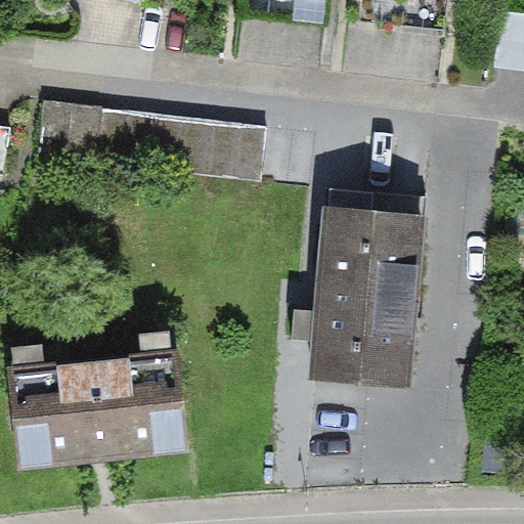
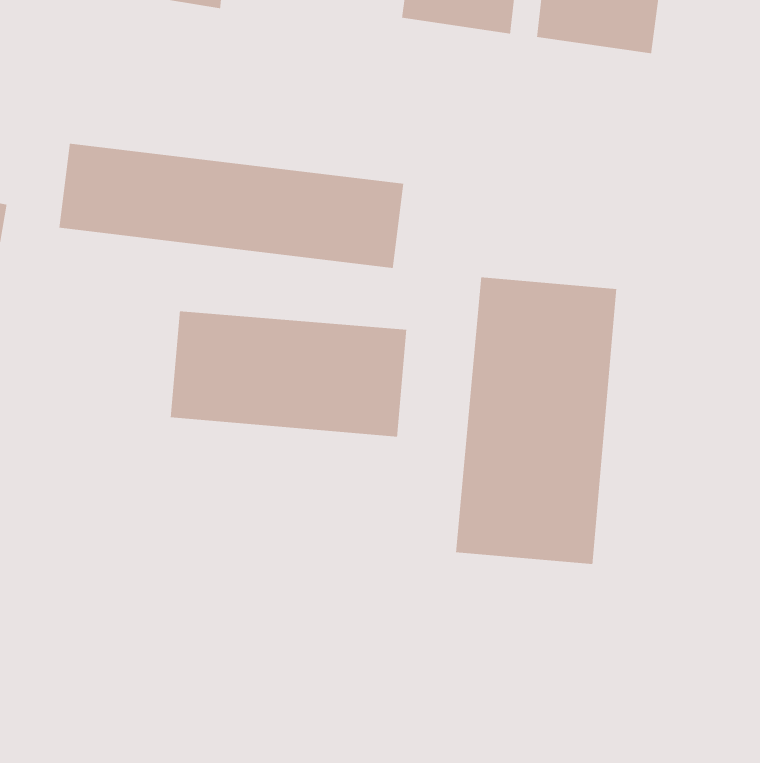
building: none -> [170,310,407,438]
building: [6,353,185,463] -> none

